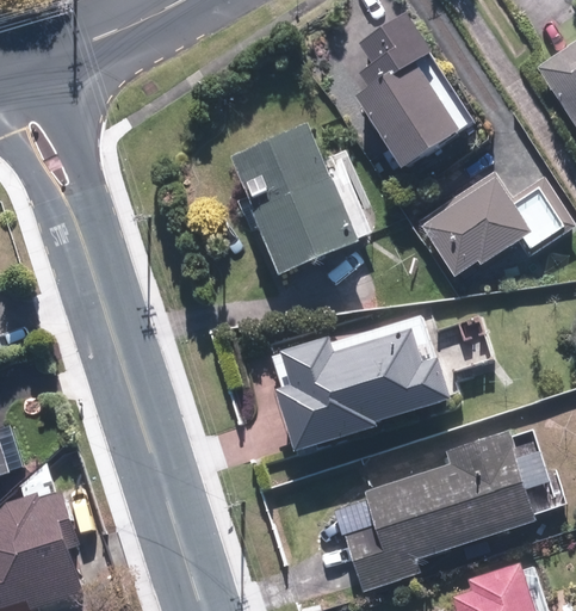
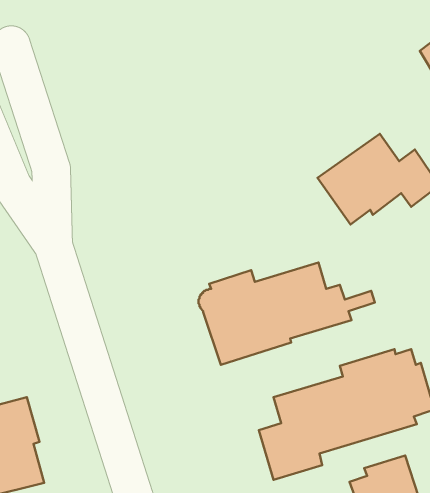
building: [355,11,466,167] -> none
building: [230,125,361,274] -> none

